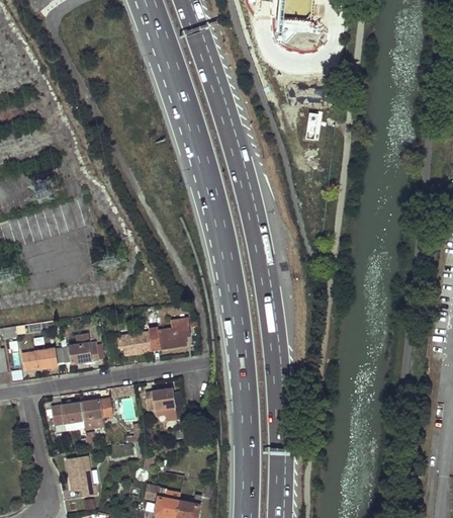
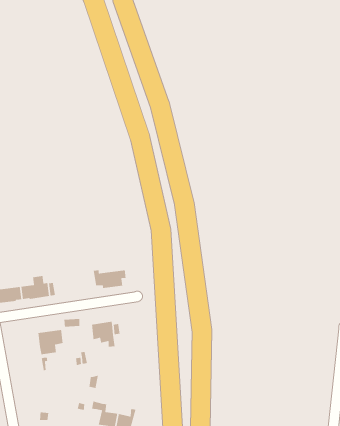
building: [117,325,152,355] -> none
building: [52,403,83,432] -> none
building: [66,457,97,496] -> none

